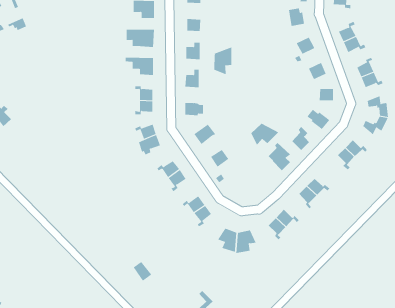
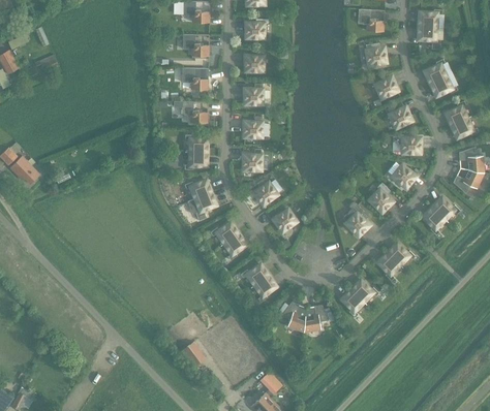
building: [214,46,232,75] -> none
building: [250,123,279,146] -> none

